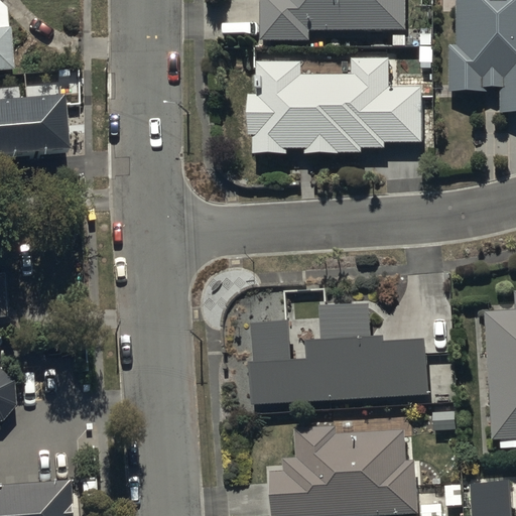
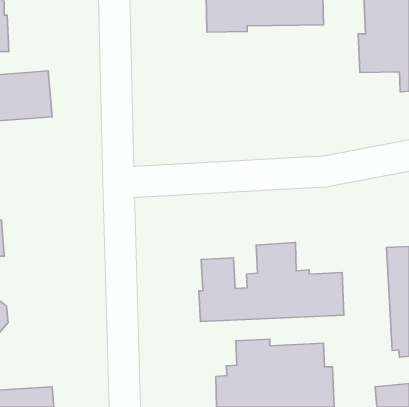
building: [247,57,422,156] -> none

